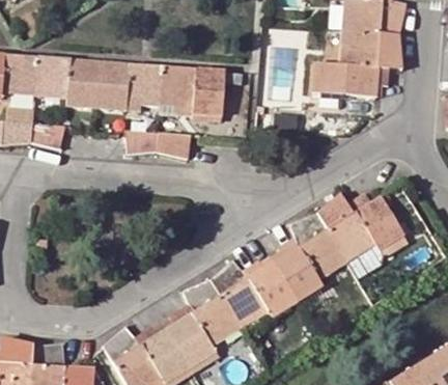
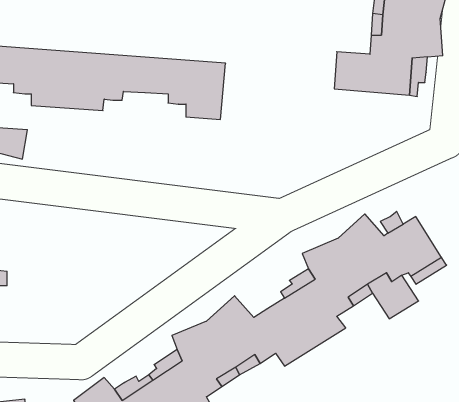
building: [124,130,190,157] -> none

